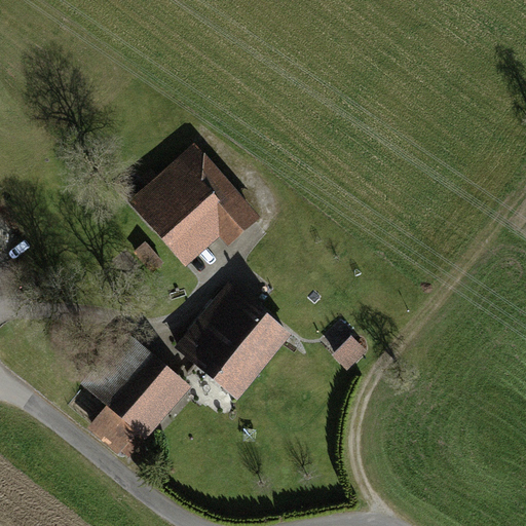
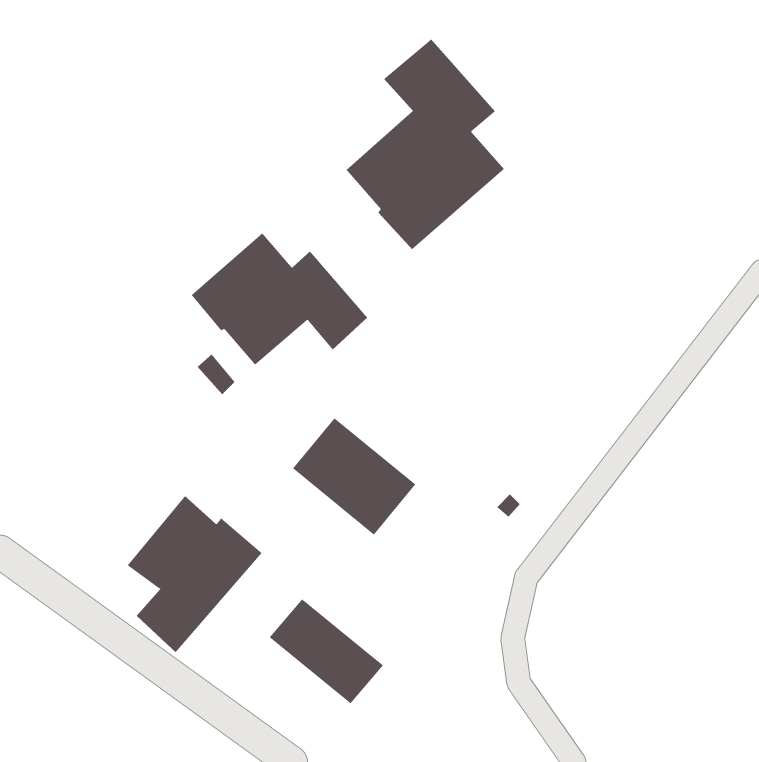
building: none -> [346,38,505,250]
building: [181,323,260,396] -> [269,598,384,704]

